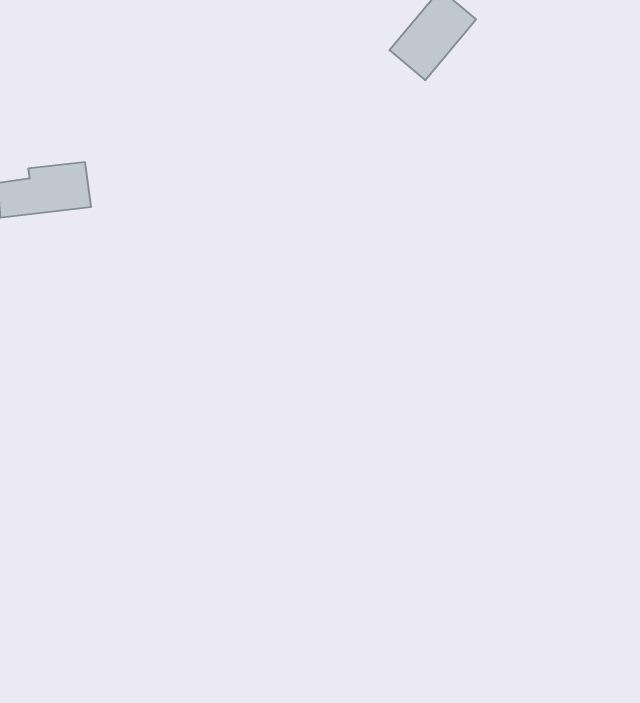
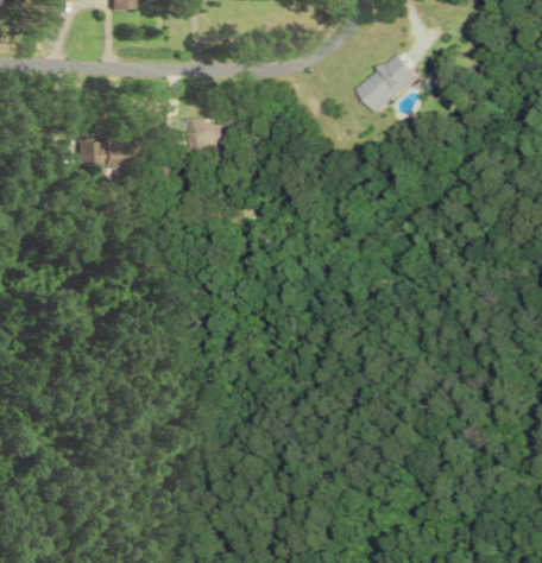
building: none -> [182,118,225,145]

